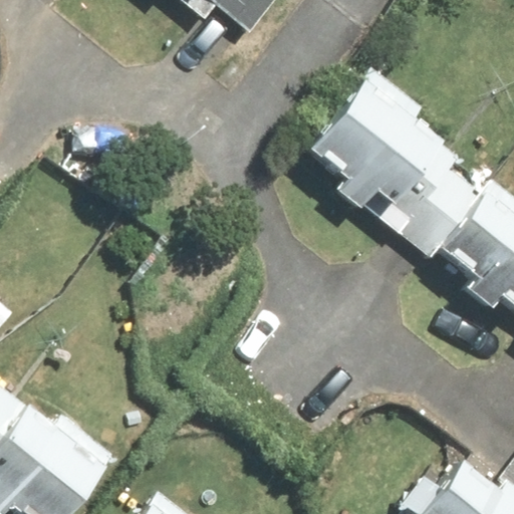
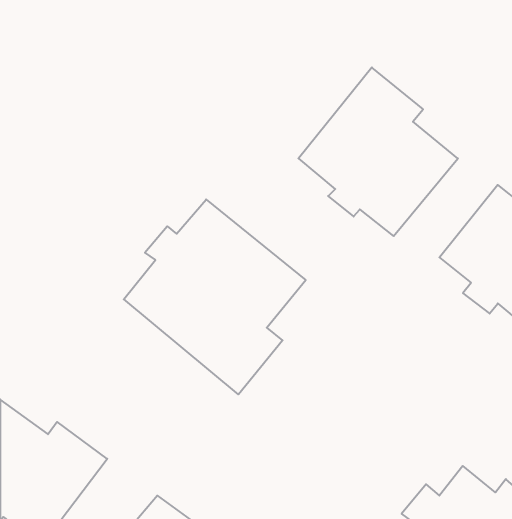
building: none -> [124,199,306,394]

